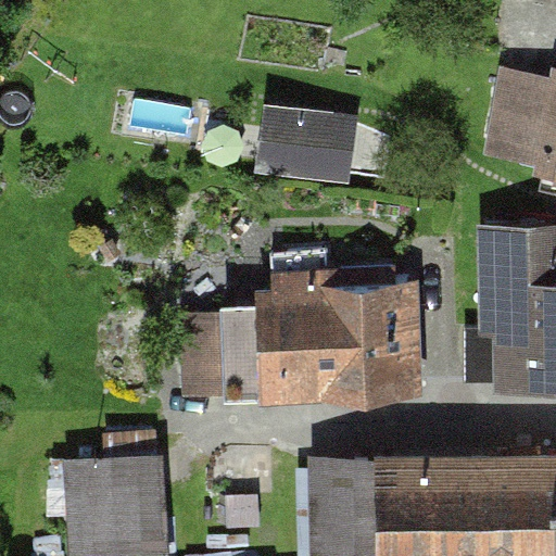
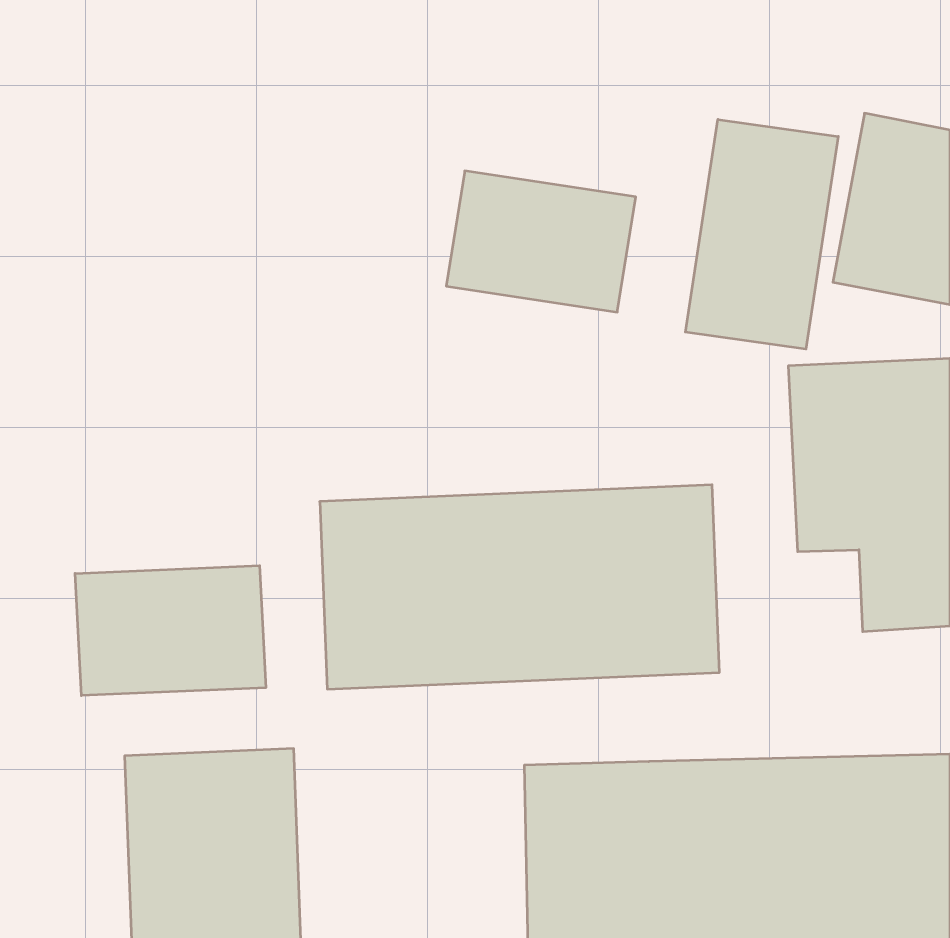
building: none -> [685,119,838,349]
building: none -> [75,566,266,696]

